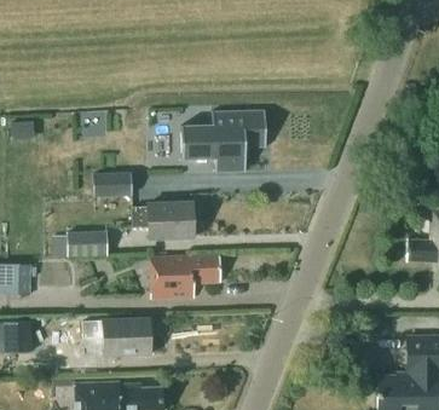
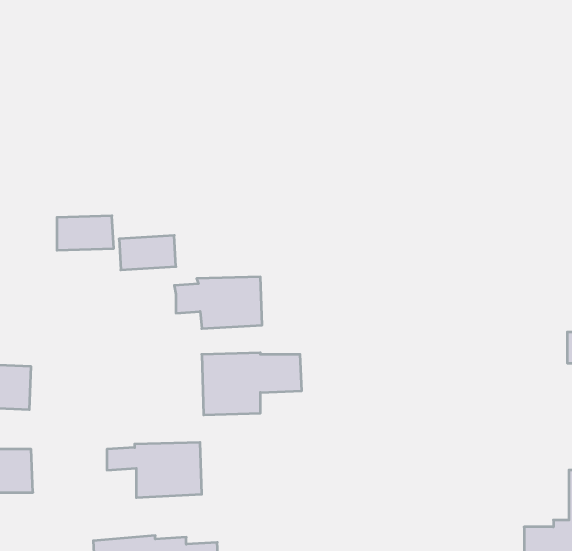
building: [181,109,266,172] -> none
building: [69,230,109,254] -> [57,216,114,250]

